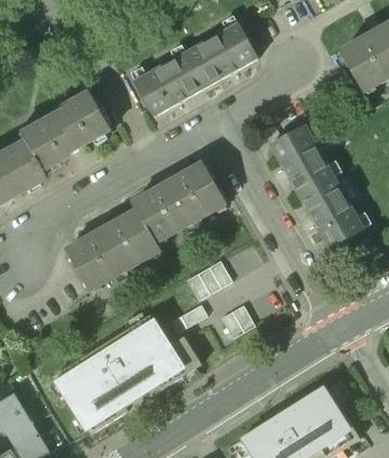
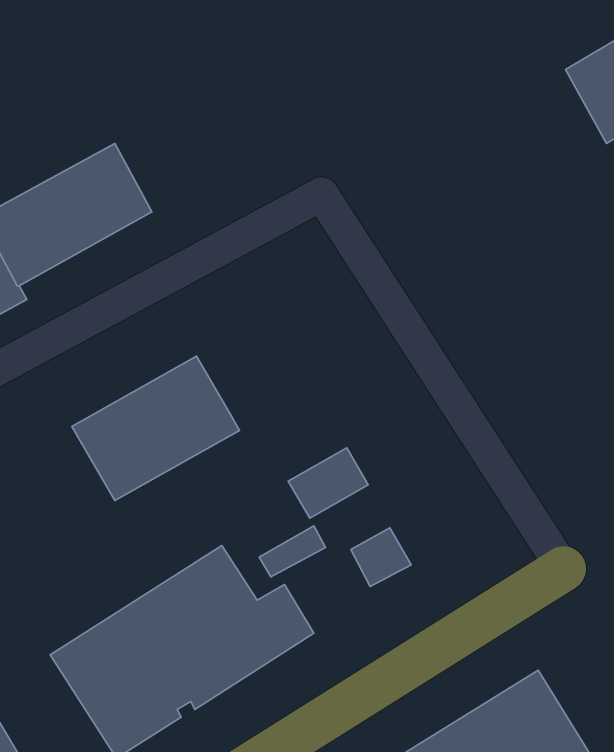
building: [134,23,258,116] -> none
building: [271,126,363,249] -> none
building: [133,165,226,244] -> none

